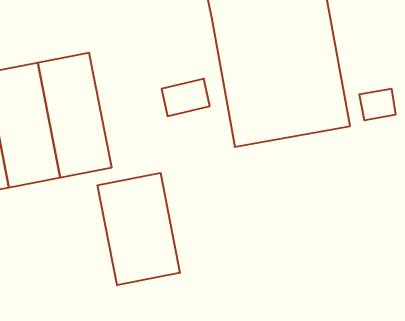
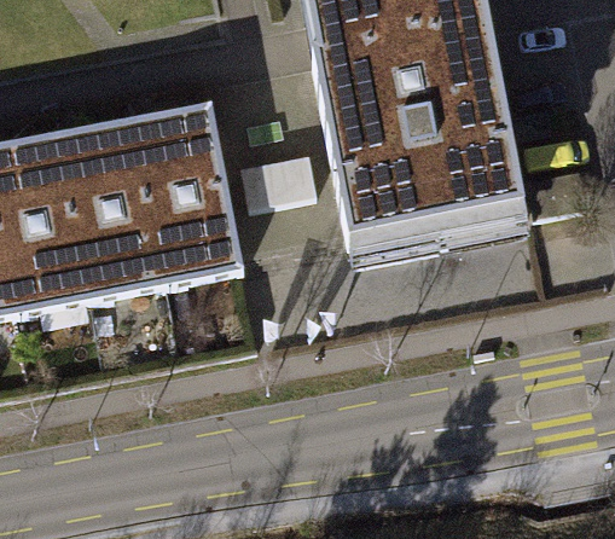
building: none -> [138,102,245,283]
building: [98,173,180,285] -> none

